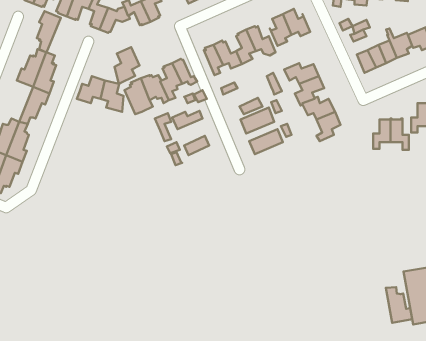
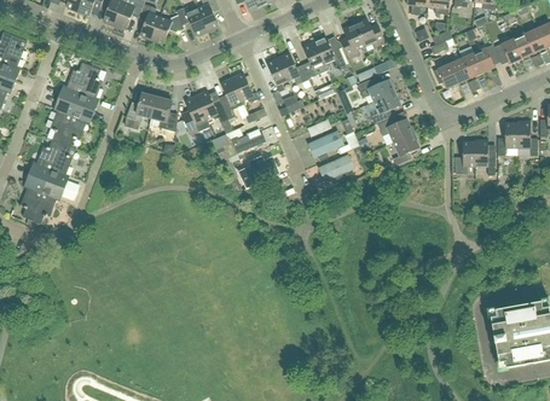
building: [37,11,61,52] -> [50,97,76,143]
building: [115,47,139,84] -> none
building: [386,287,412,323] -> none

